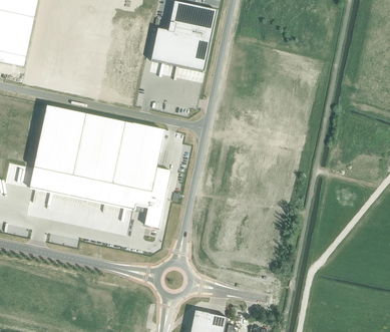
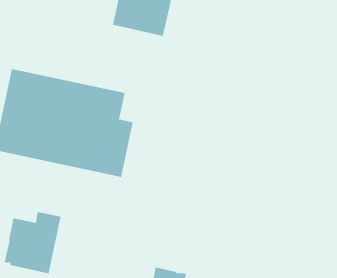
building: none -> [4,211,61,274]

